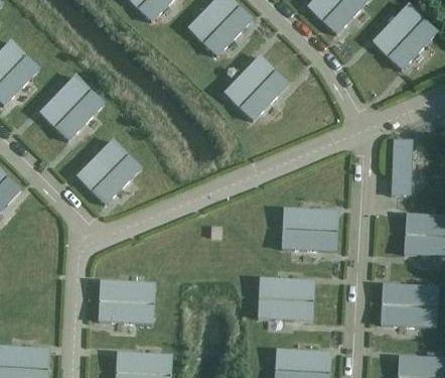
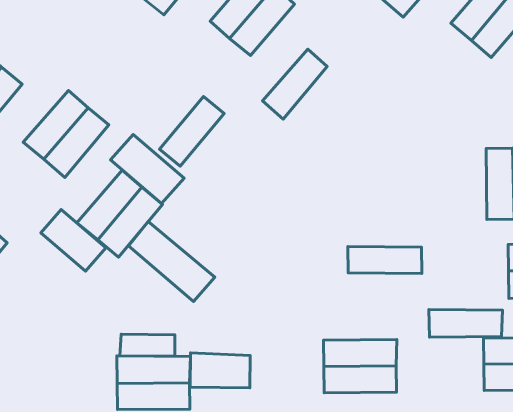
building: [239,68,290,120] -> [159,96,224,166]
building: none -> [111,134,184,204]
building: none -> [41,209,106,271]
building: none -> [128,222,215,302]
building: [280,227,337,251] -> [429,310,503,337]
building: none -> [120,334,175,356]
building: none -> [190,353,250,388]

